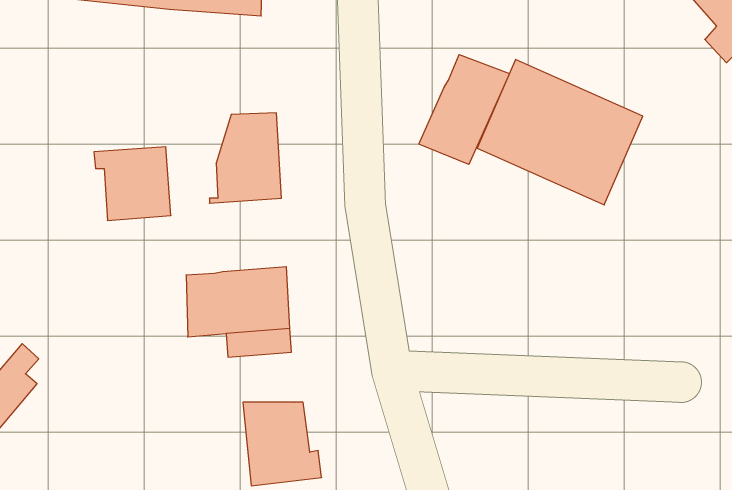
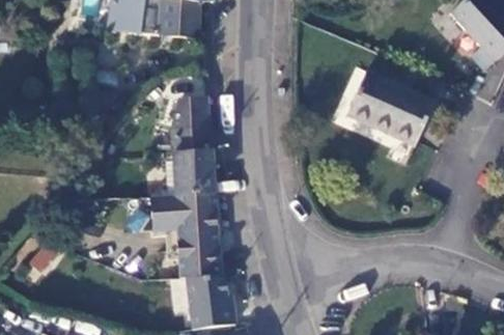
building: [419,55,510,164] -> none
building: [94,147,171,220] -> [166,151,214,197]
building: none -> [177,247,219,278]

